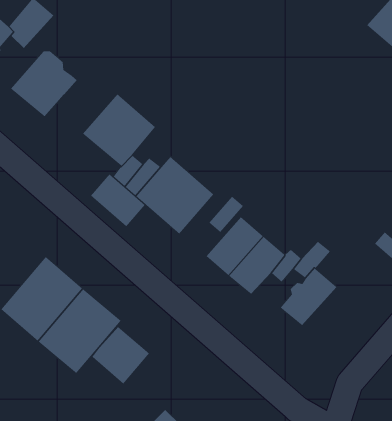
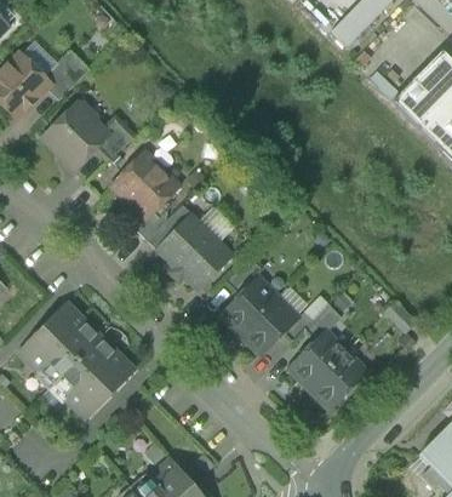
building: none -> [95,118,133,161]
building: [90,174,146,227] -> none
building: none -> [309,353,366,409]
building: [91,326,150,385] -> none

